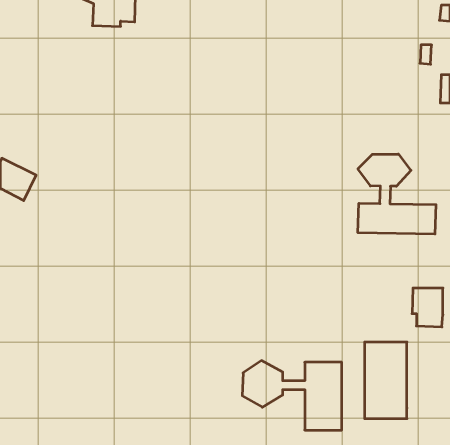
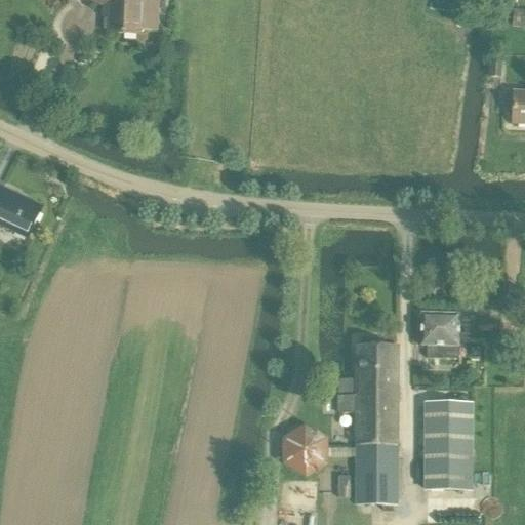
building: [358,154,436,234] -> none
building: [412,288,443,327] -> [422,312,458,357]
building: none -> [336,344,398,422]

